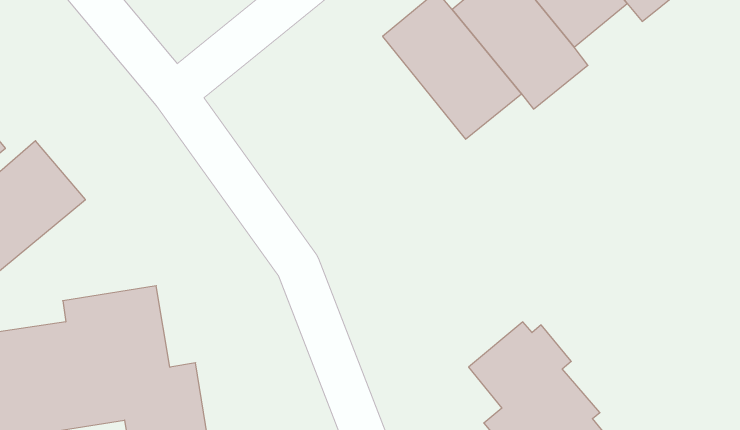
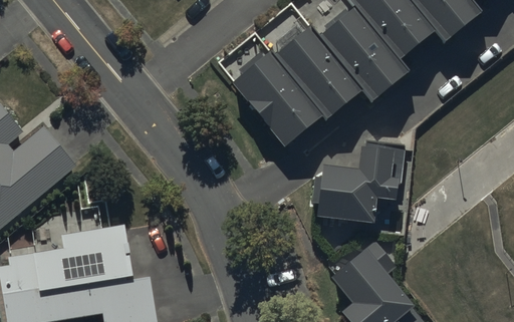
building: none -> [234,48,323,143]
building: none -> [311,142,403,222]

